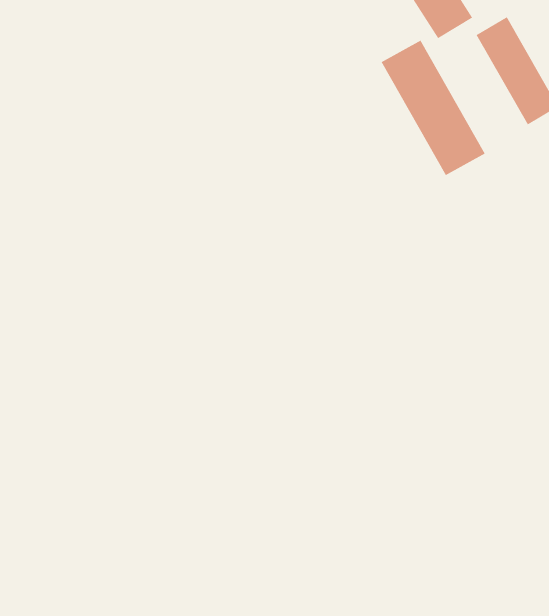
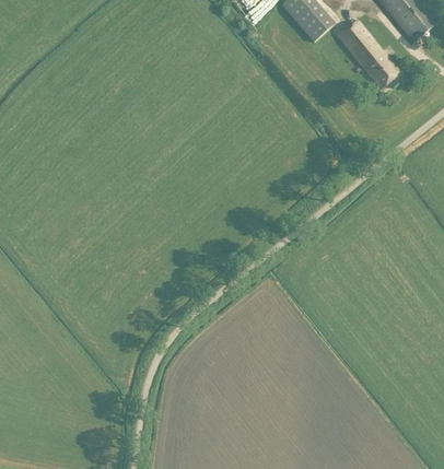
building: [380,39,486,176] -> none

